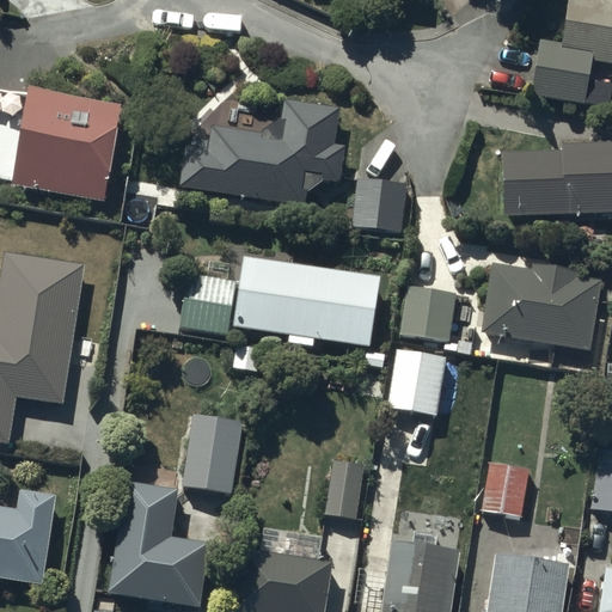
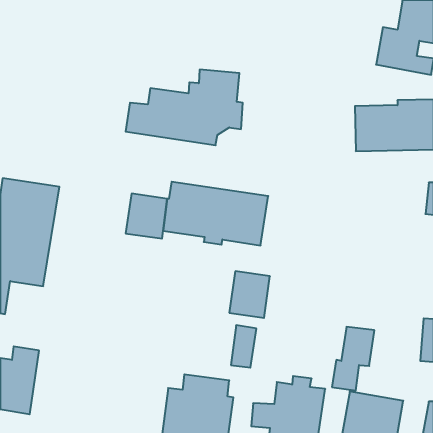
building: [10,86,123,201] -> none
building: [351,180,408,232] -> none
building: [482,263,600,350] -> none
building: [398,284,458,343] -> none
building: [387,350,445,416] -> [229,271,270,318]
building: [183,414,244,492] -> none
building: [109,481,209,604] -> none

